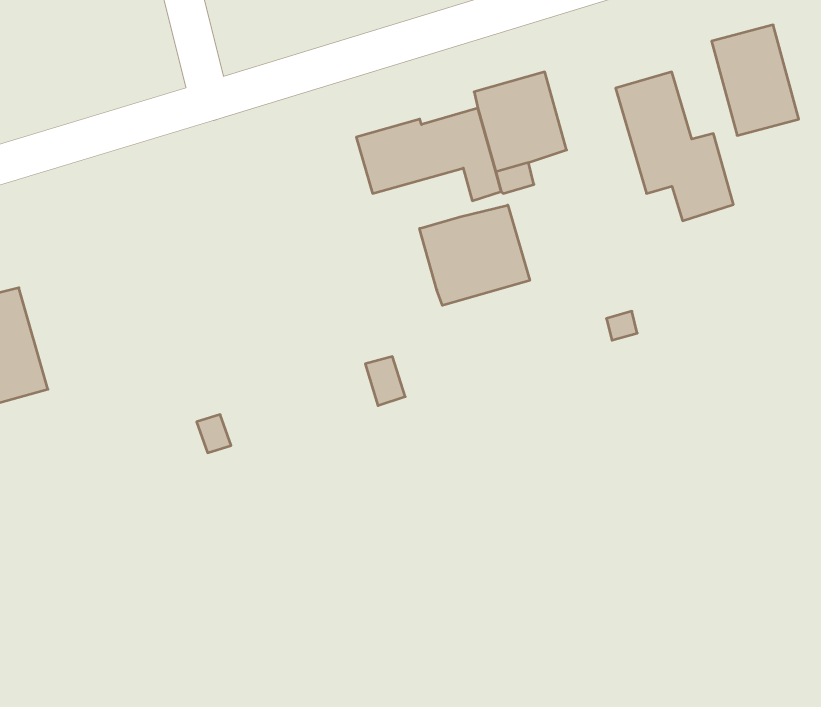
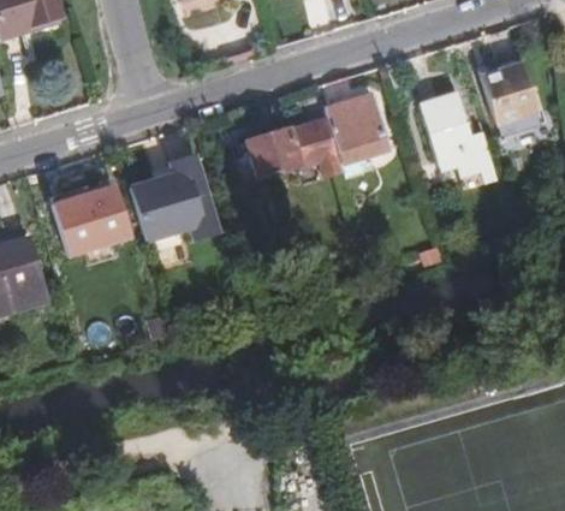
building: none -> [130,158,218,243]
building: [420,205,530,305] -> none
building: none -> [49,186,125,256]

